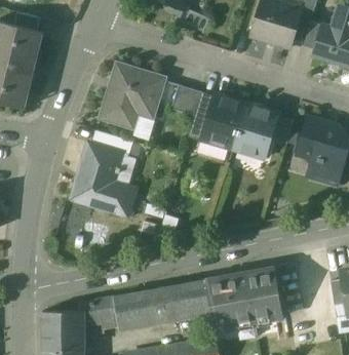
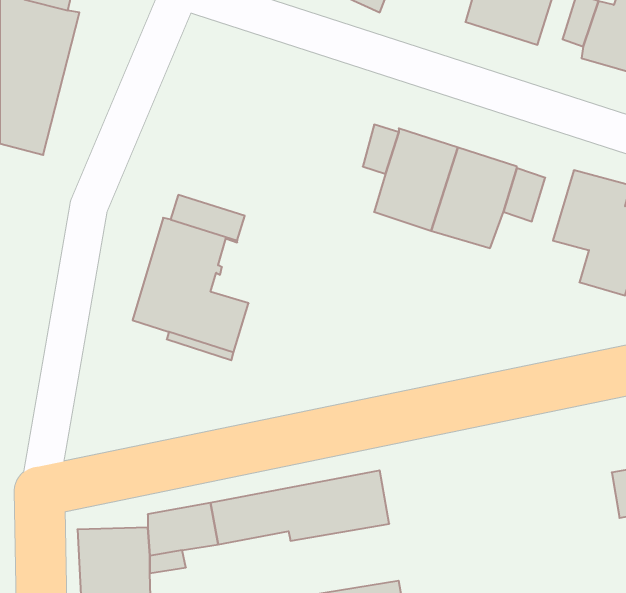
building: [101,63,166,129] -> none
building: [172,85,203,115] -> none
building: [206,268,282,328] -> none

